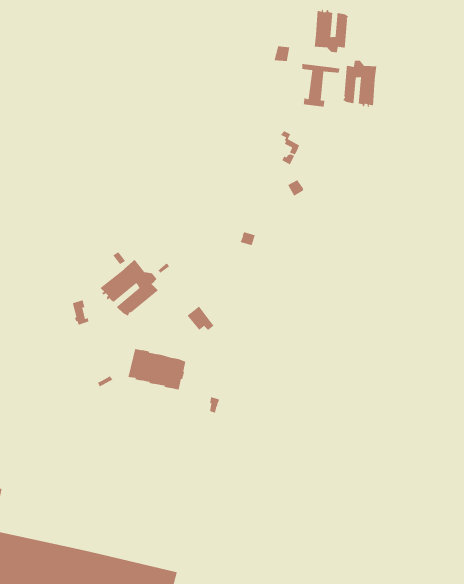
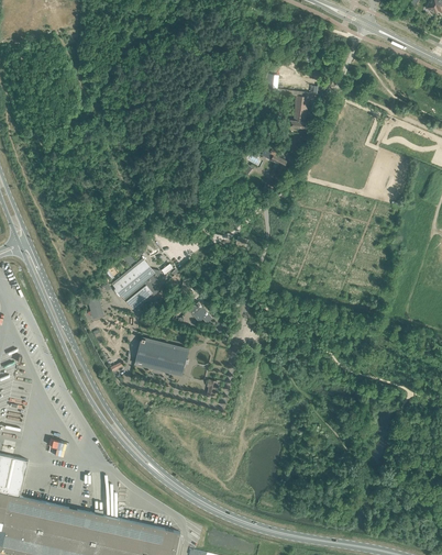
building: [314,9,349,53] -> none
building: [342,60,377,108] -> none

